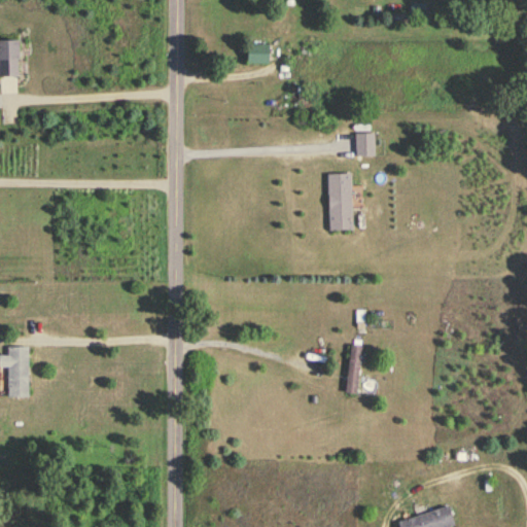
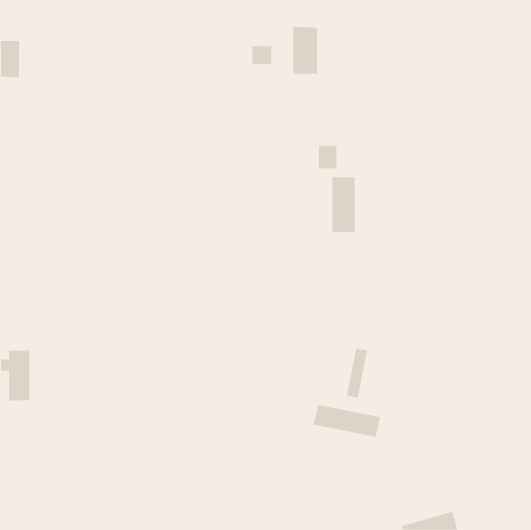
building: none -> [293,26,317,74]
building: [356,134,375,157] -> [318,145,337,169]
building: none -> [313,404,380,438]

